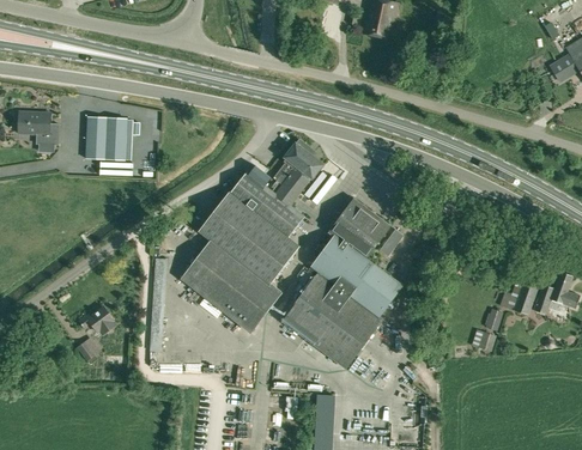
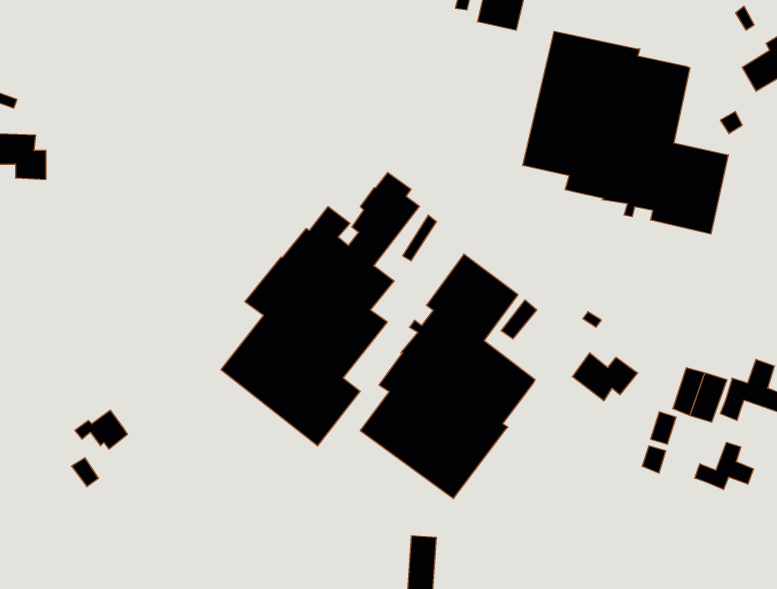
building: none -> [523,31,728,234]
building: [86,116,133,159] -> none
building: none -> [572,353,638,401]
building: none -> [695,442,753,490]

